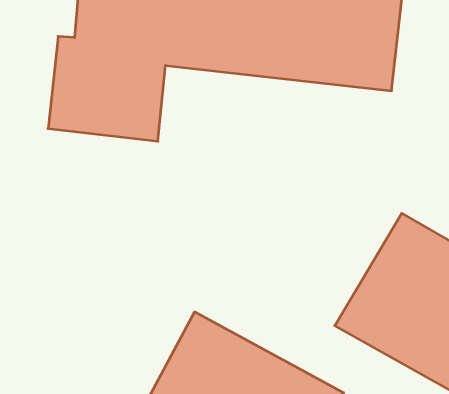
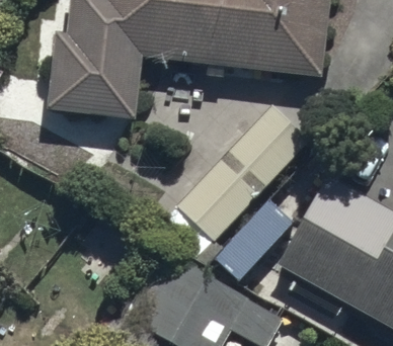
building: none -> [174,107,309,242]

